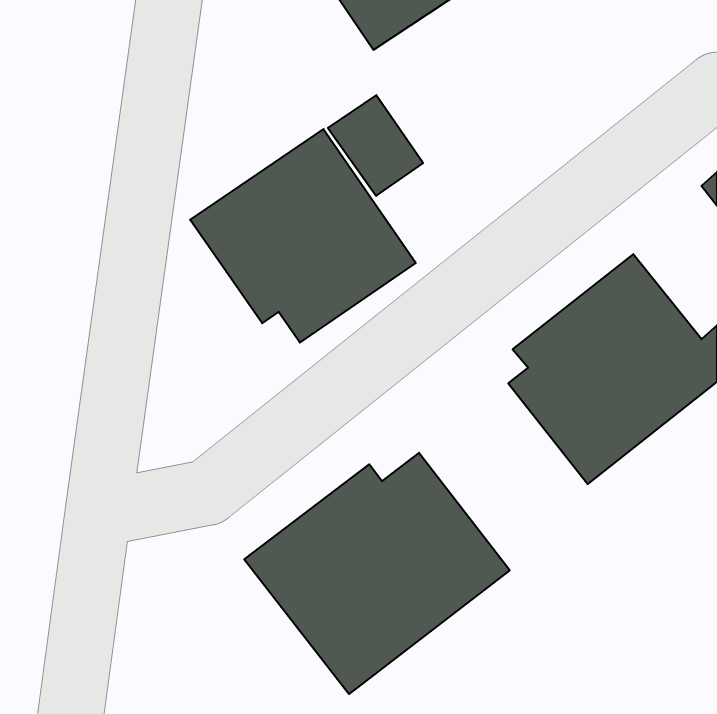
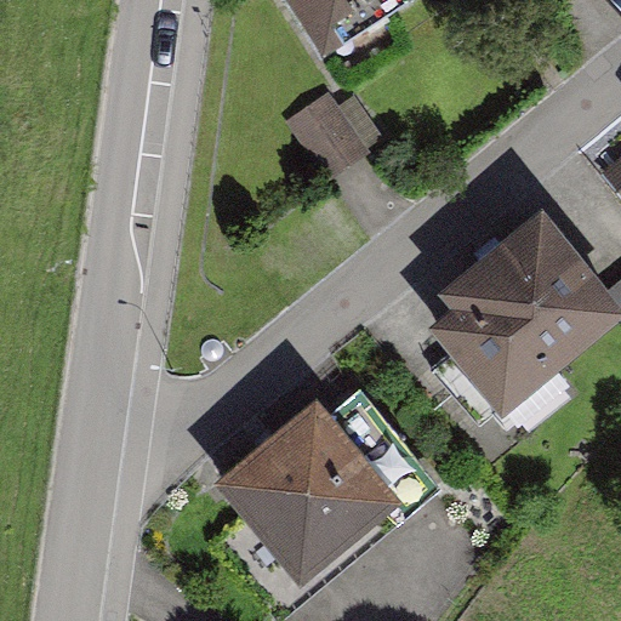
building: [190,129,416,343] -> none

